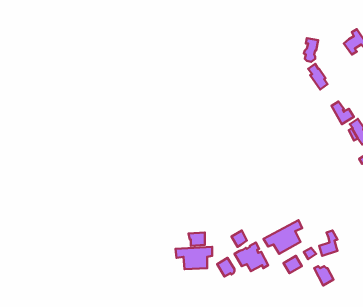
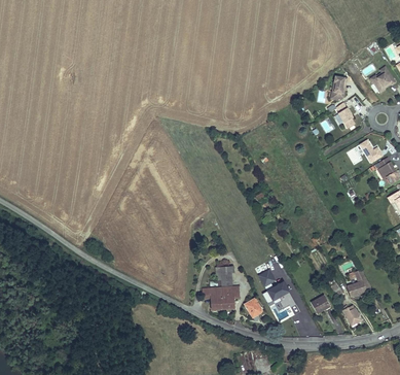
building: [263,220,302,254] -> none

